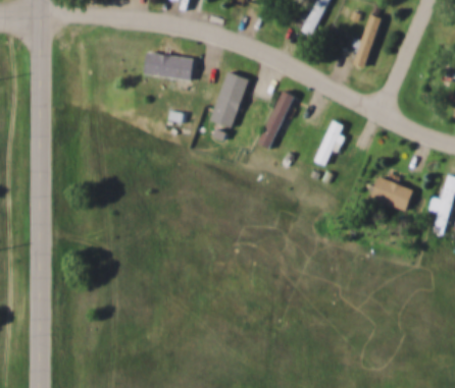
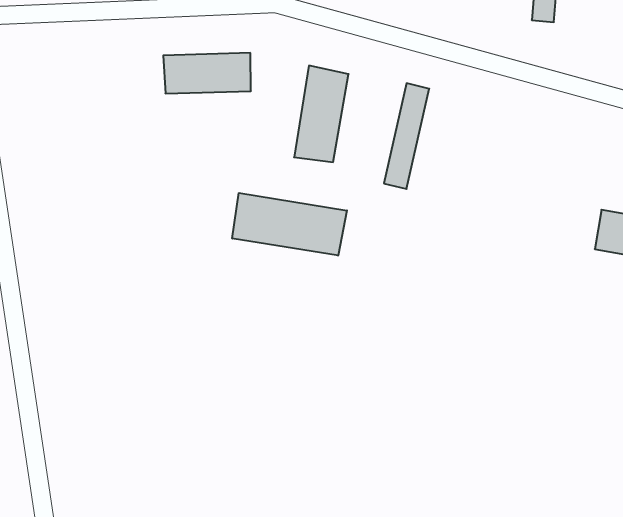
building: [313,120,344,167] -> none
building: none -> [232,193,347,256]

